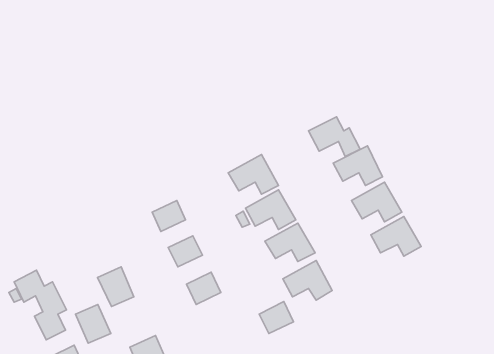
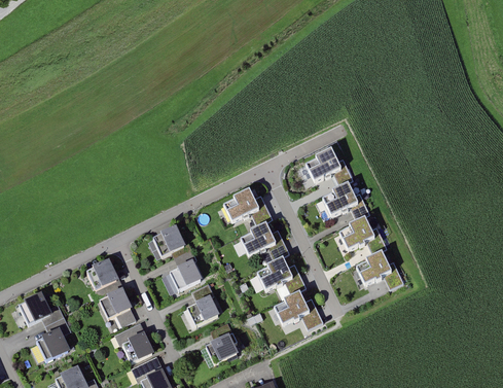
building: none -> [86,263,116,293]
building: [259,301,293,334] -> [203,334,236,365]
building: [75,305,111,343] -> [116,327,150,364]

